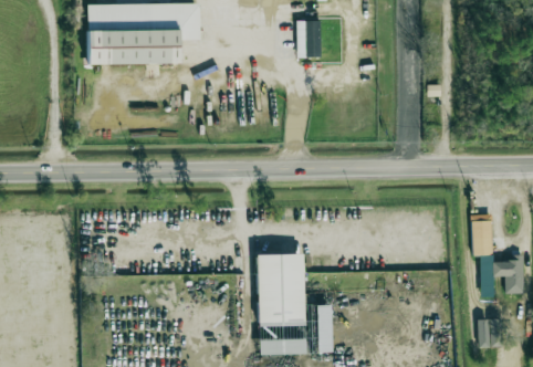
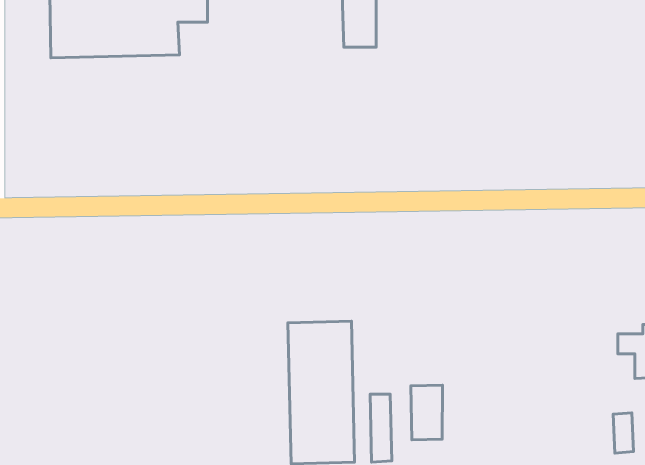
building: [472,214,493,255] -> none
building: none -> [411,385,442,440]

